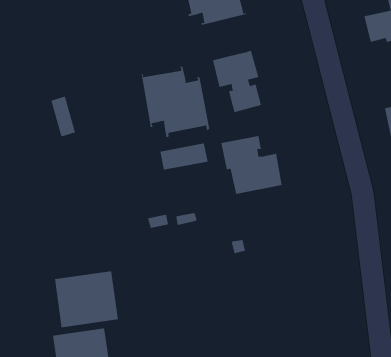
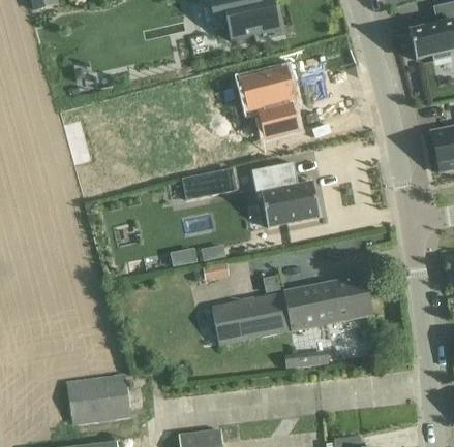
building: [141,66,210,138] -> none
building: none -> [213,275,374,346]
building: [54,270,118,328] -> none

